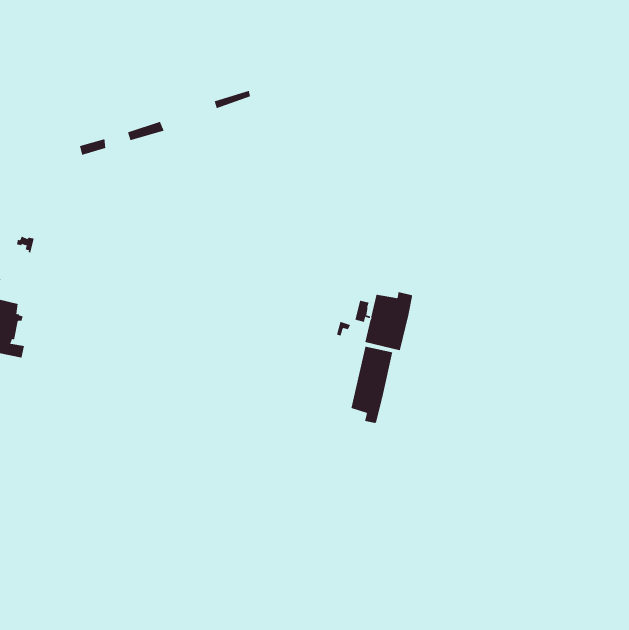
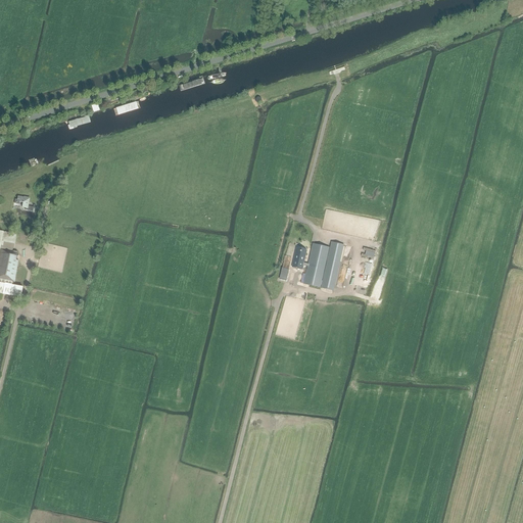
building: [351,346,393,424] -> none

